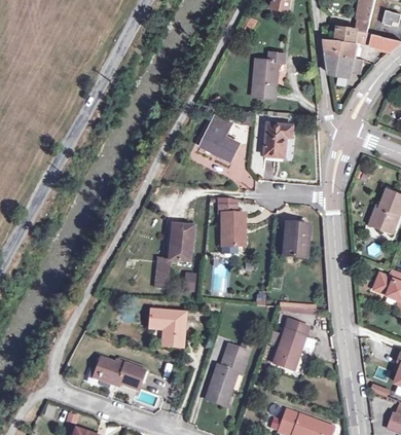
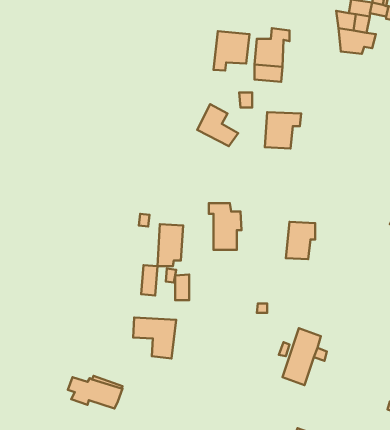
building: none -> [213,31,249,71]
building: [210,349,251,401] -> none

